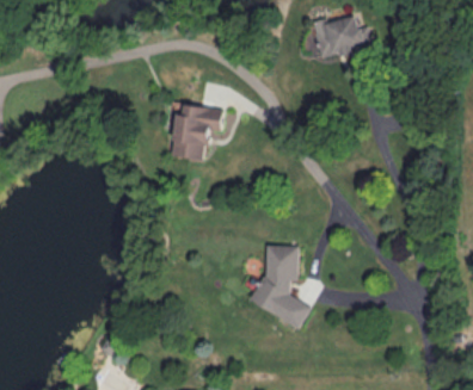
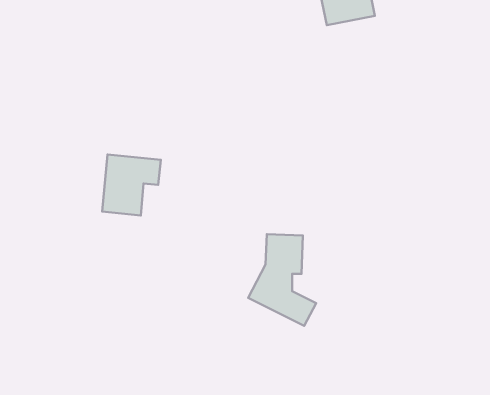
building: [171,104,223,159] -> [102,154,161,216]

